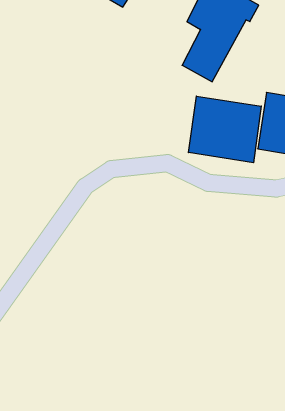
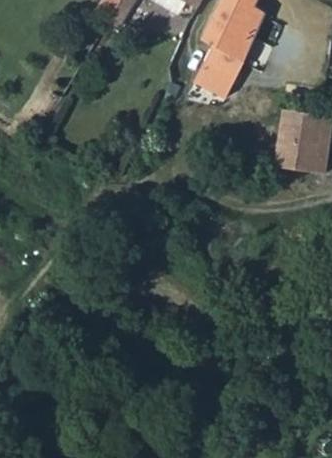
building: [188,96,261,163] -> none

